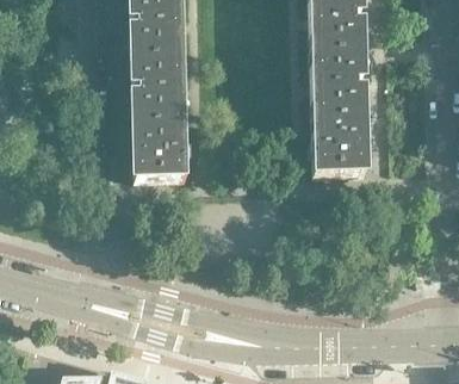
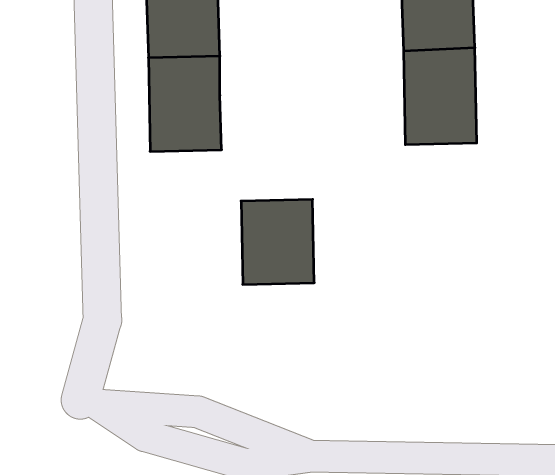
building: [310,113,361,173] -> none
building: [131,118,182,178] -> [241,199,314,284]

